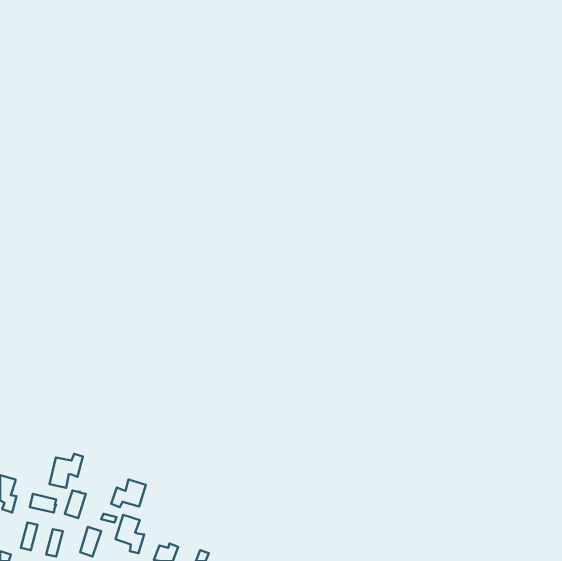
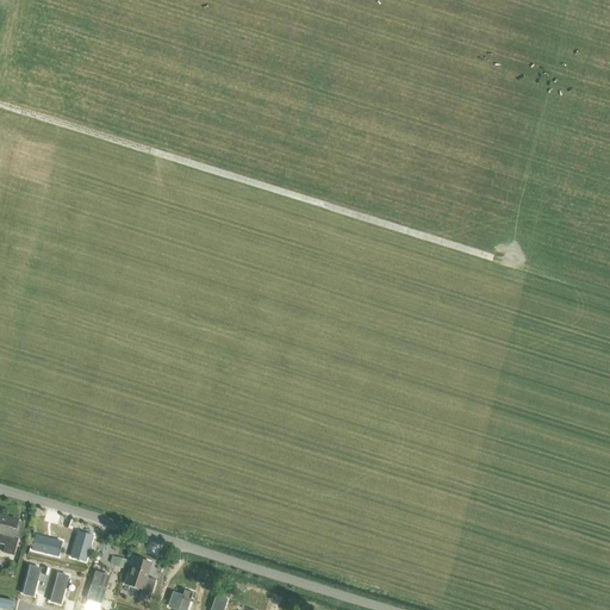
building: [50,454,83,488] -> none
building: [111,480,146,507] -> none

